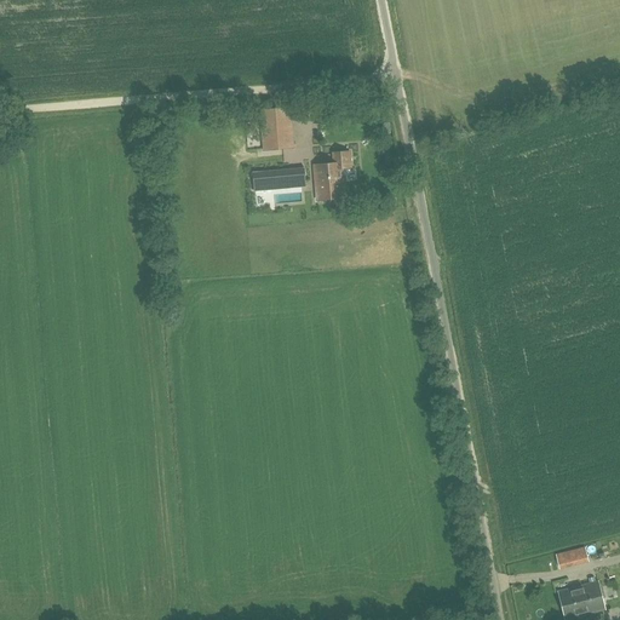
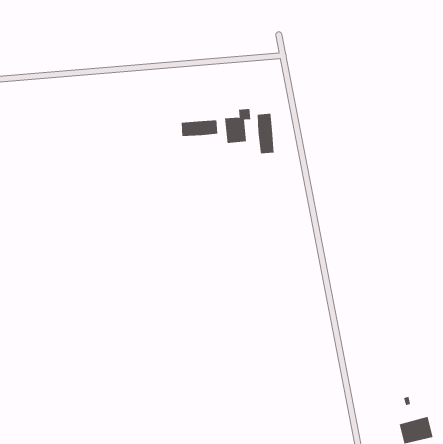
building: [260,108,292,149] -> none
building: none -> [257,113,274,154]

